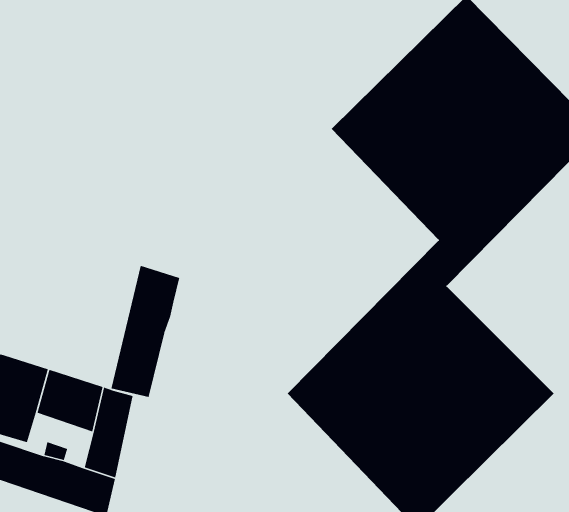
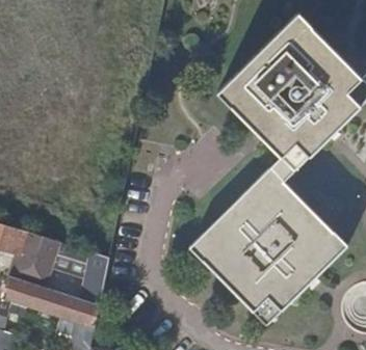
building: [110,265,180,398] -> none

